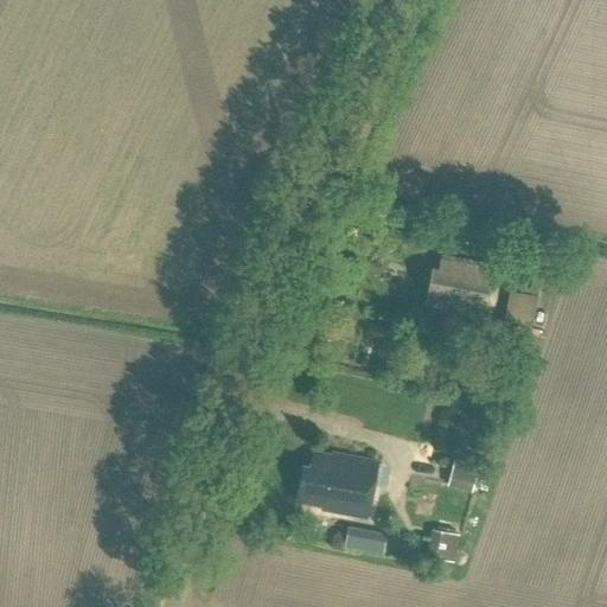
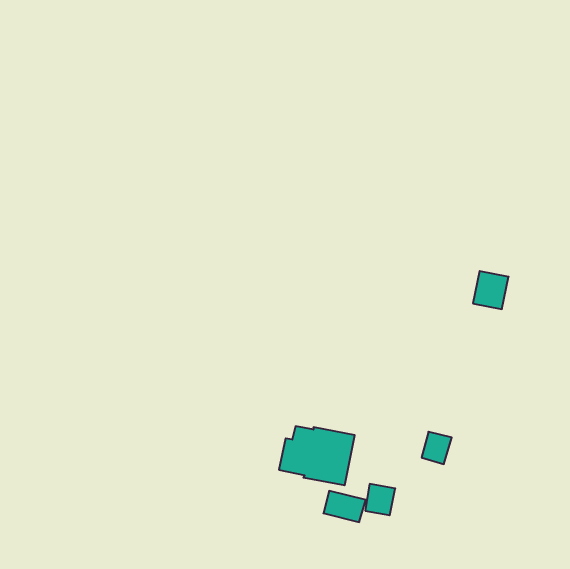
building: [424,256,499,321] -> none
building: [427,529,459,562] -> [365,484,395,515]

